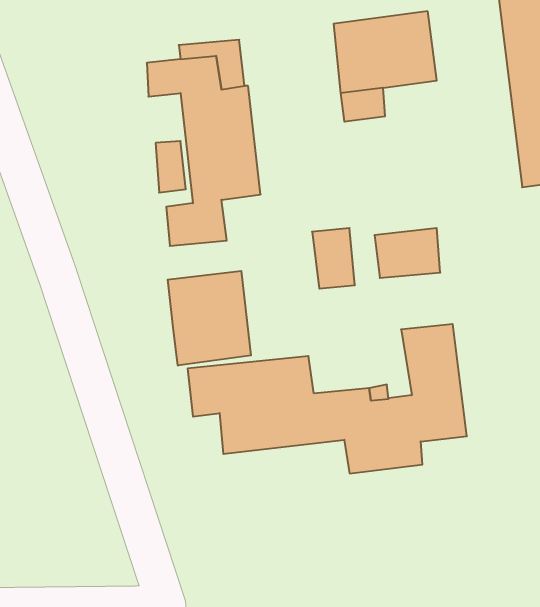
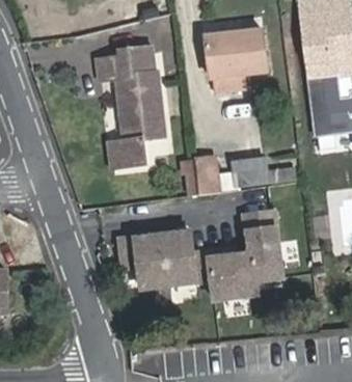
building: [168,271,251,366] -> none

